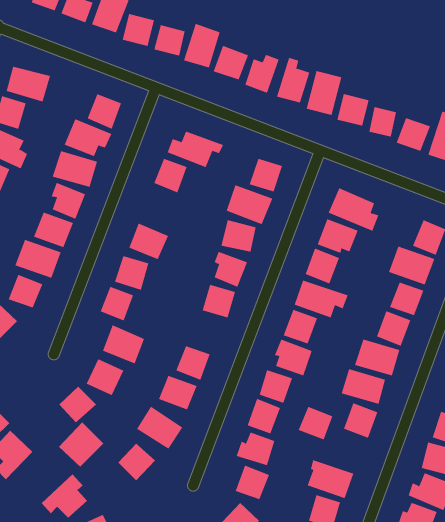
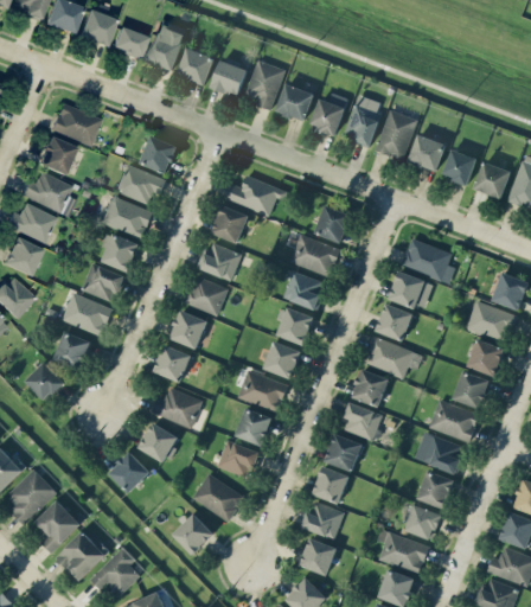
building: none -> [198,242,242,281]
building: none -> [238,370,288,411]
building: [298,406,333,440] -> [404,504,442,541]
building: [58,422,104,468] -> [57,530,107,580]

